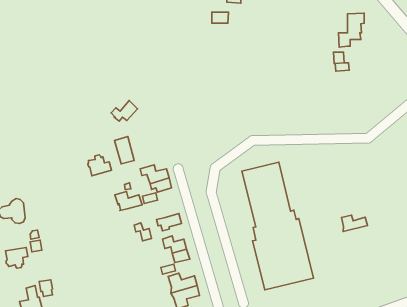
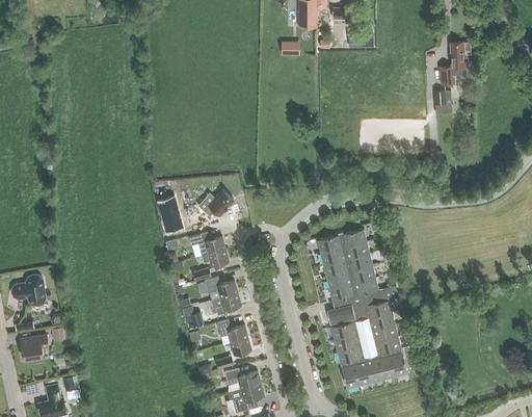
building: [111,100,137,121] -> [200,189,233,215]
building: [88,155,111,176] -> none
building: [115,191,142,211] -> [204,276,238,299]
building: [342,215,368,232] -> none

